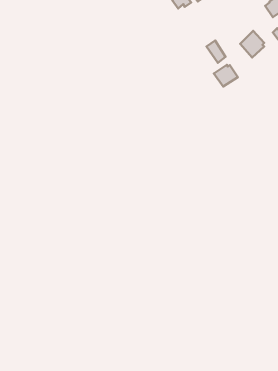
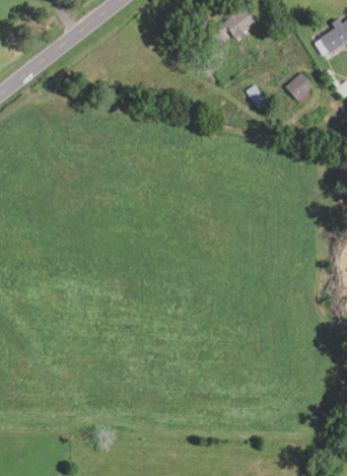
building: [214,65,238,86] -> none

